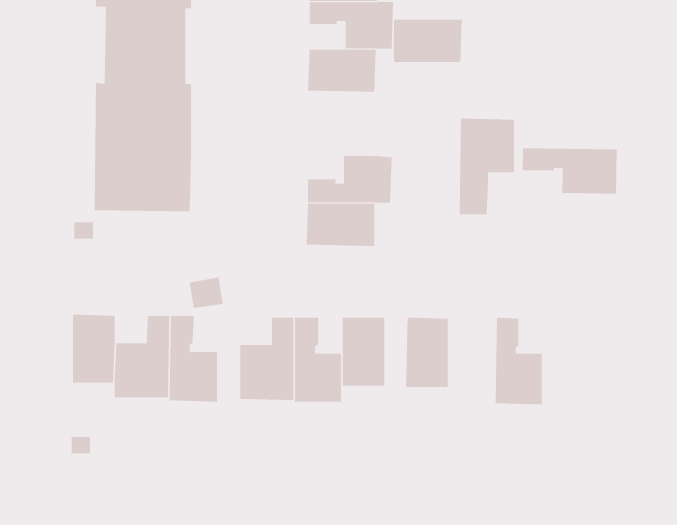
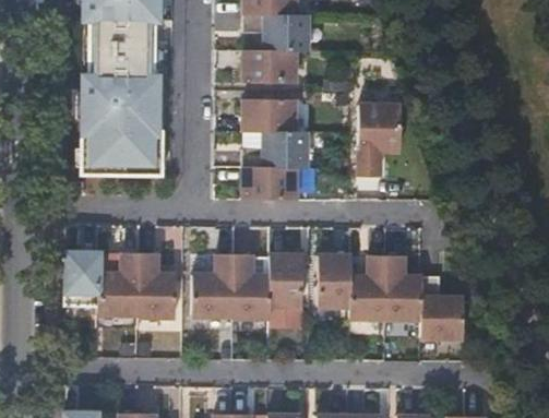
building: [393,19,462,63] -> [243,99,296,132]
building: [522,147,617,194] -> none
building: none -> [350,254,386,320]
building: none -> [421,276,464,339]

